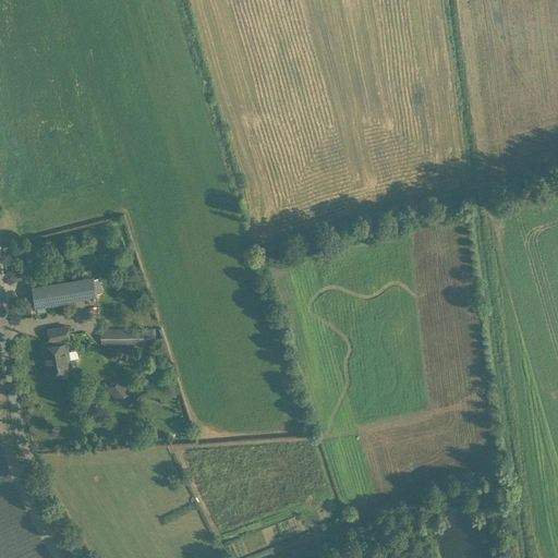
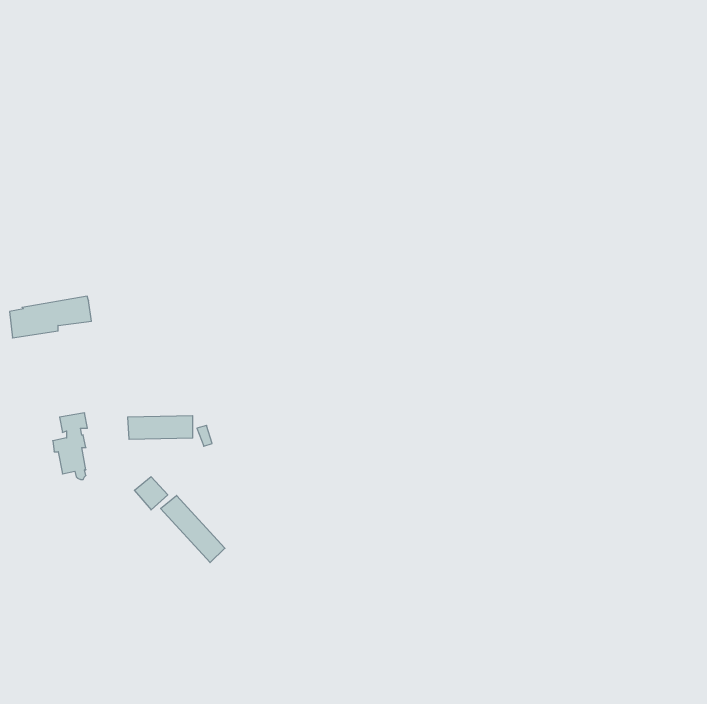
building: [32,277,96,310] -> [10,296,91,338]
building: none -> [161,495,225,563]

